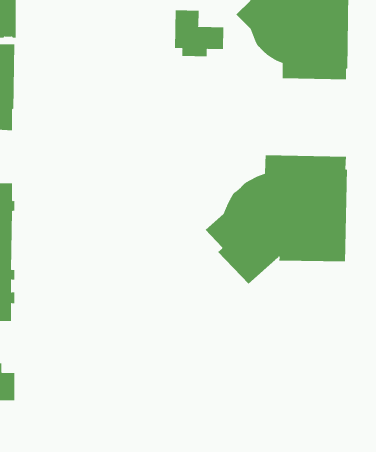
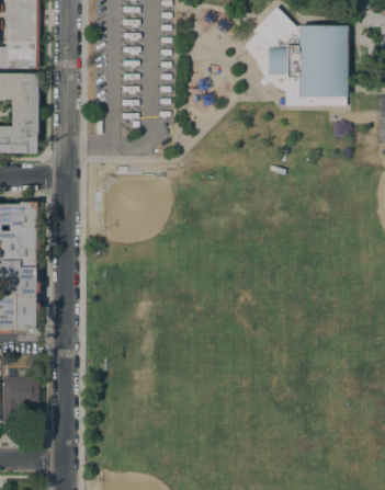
building: [175,10,224,57] -> none
building: [205,155,347,285] -> none

